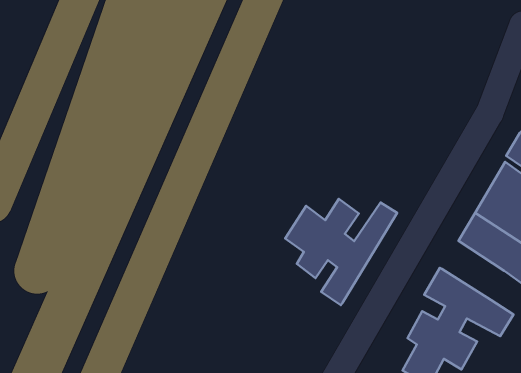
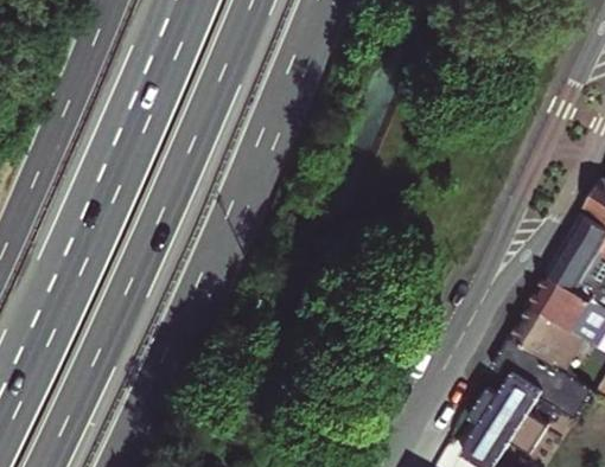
building: [285,199,397,305] -> none
building: none -> [508,306,582,373]

